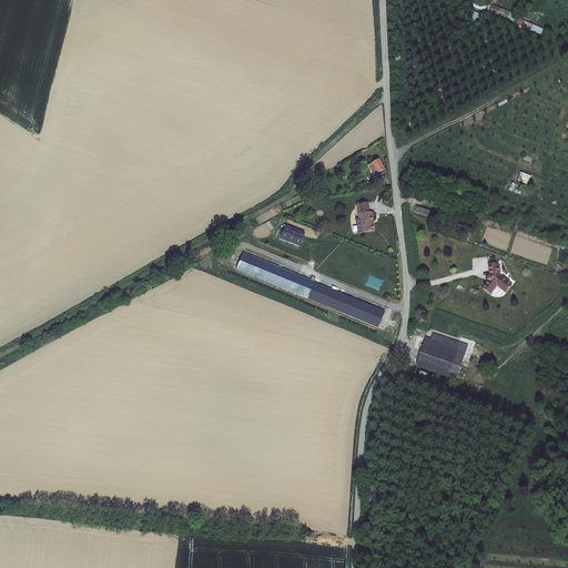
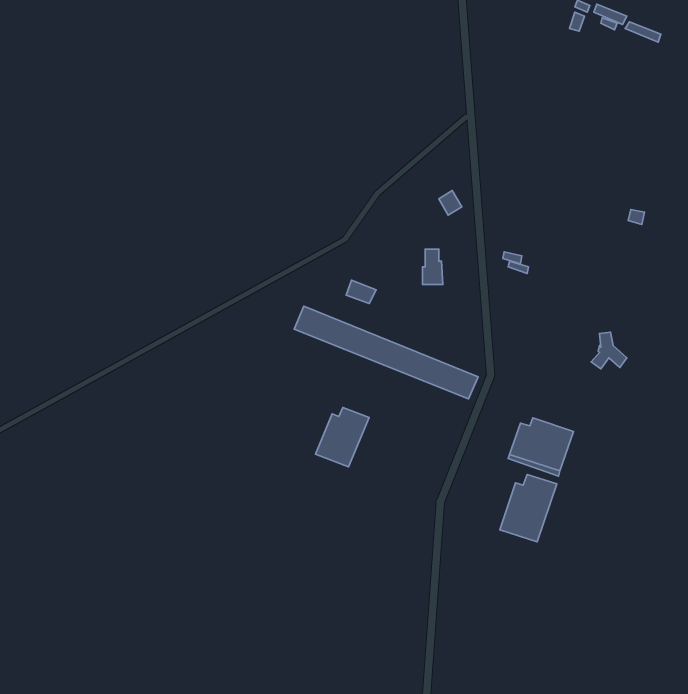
building: none -> [316,407,369,467]
building: none -> [500,475,557,542]

